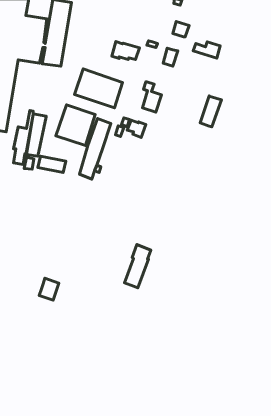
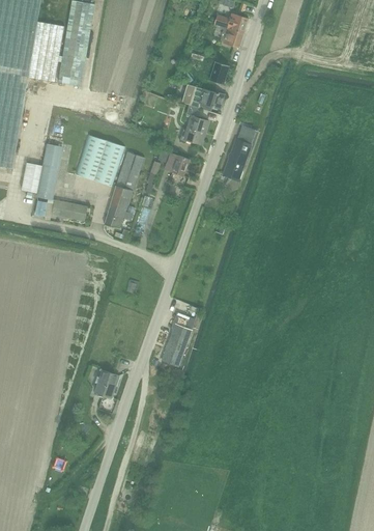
building: [112,41,140,59] -> [190,86,225,109]
building: [193,42,220,58] -> [213,12,248,33]
building: [74,69,123,108] -> none
building: [200,96,222,127] -> [224,139,251,178]
building: [39,278,59,300] -> [94,369,119,397]

